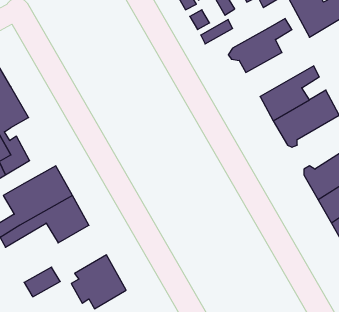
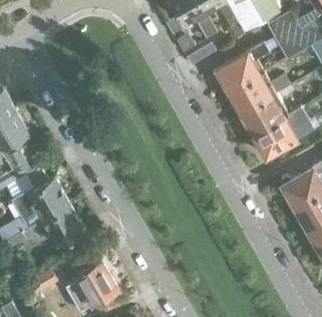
building: none -> [228,73,290,113]

